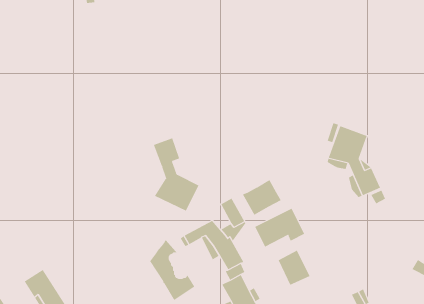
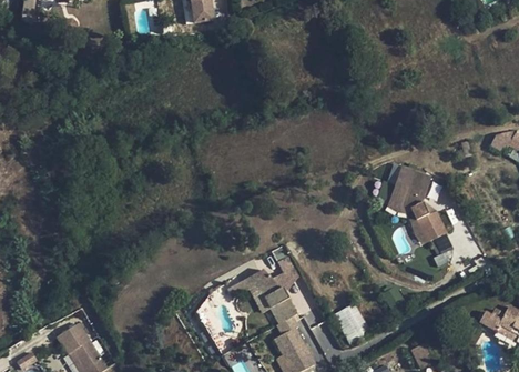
building: [153,138,199,212] -> none
building: [242,179,282,215] -> none
building: [255,208,305,248] -> none

